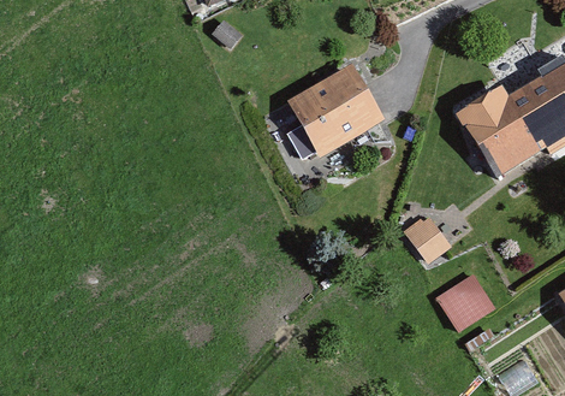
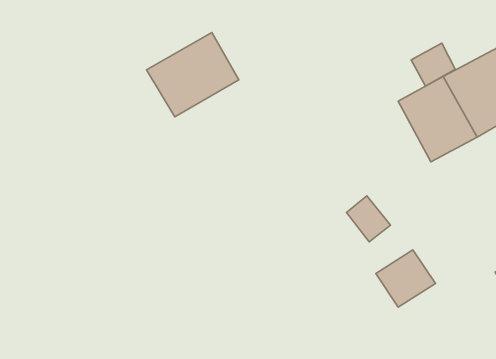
building: none -> [411,43,455,86]
building: [285,65,383,155] -> [147,33,239,117]

